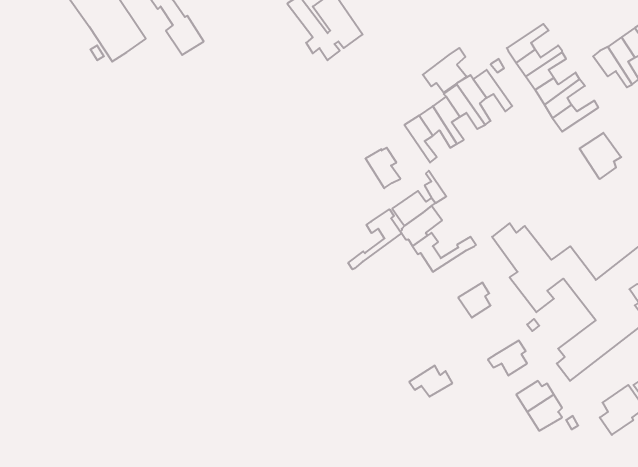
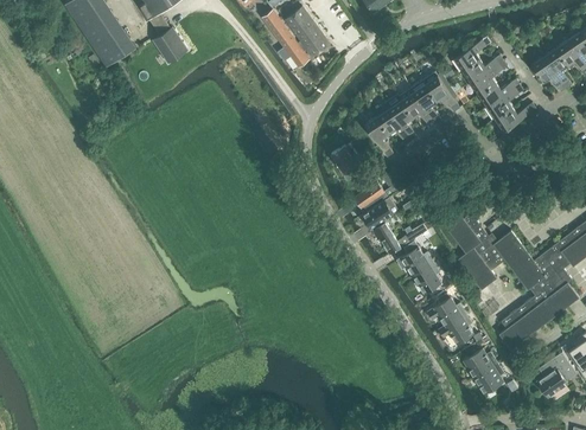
building: [423,48,467,92] -> none
building: [580,133,621,179] -> none
building: [348,209,402,269] -> none
building: none -> [396,243,434,276]
building: [409,366,452,397] -> [428,299,466,326]

